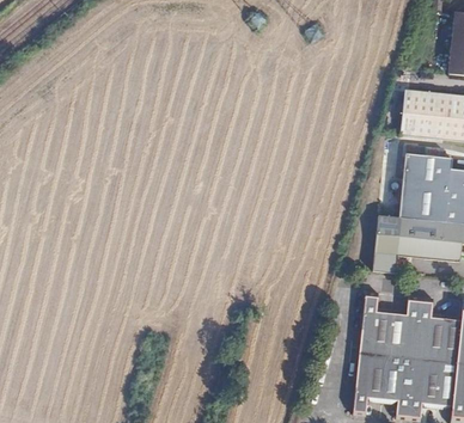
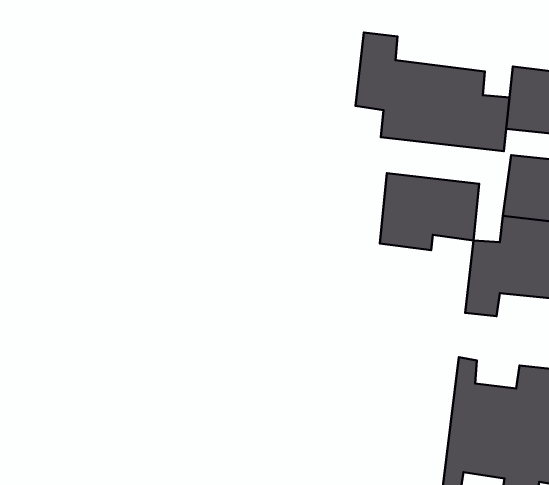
building: none -> [356,33,509,151]
building: none -> [380,173,479,250]

